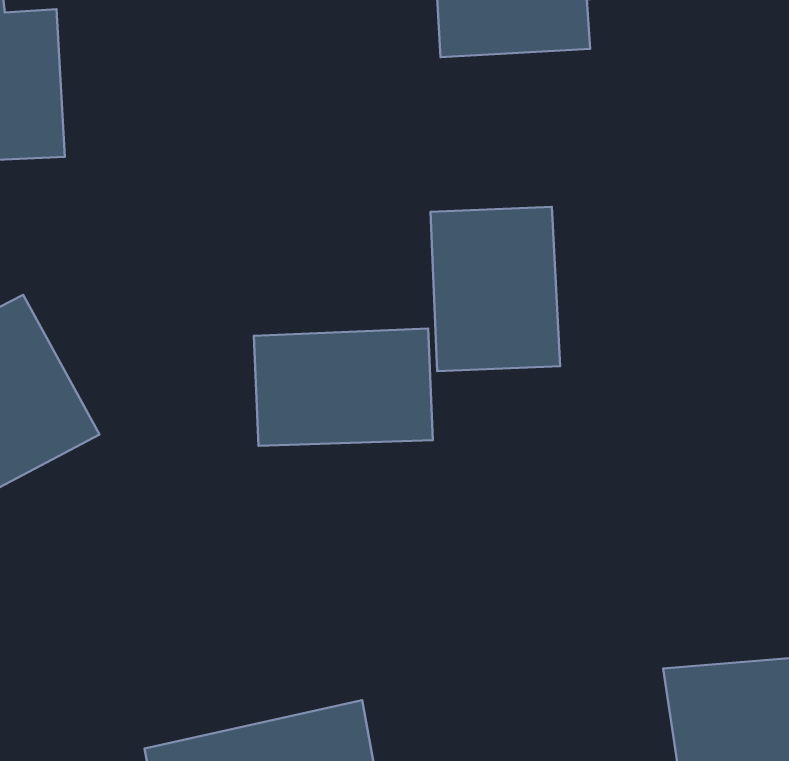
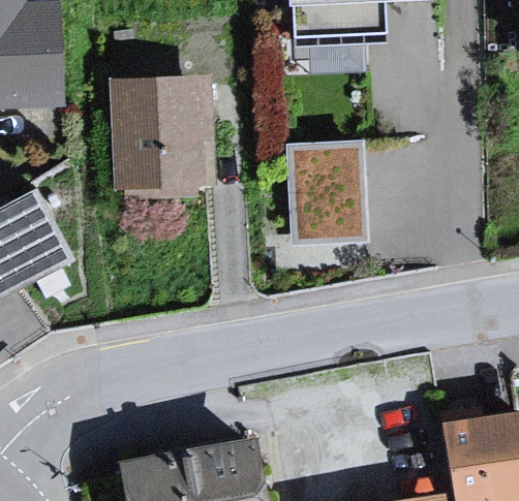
building: none -> [106,76,211,197]
building: [254,328,433,446] -> none

